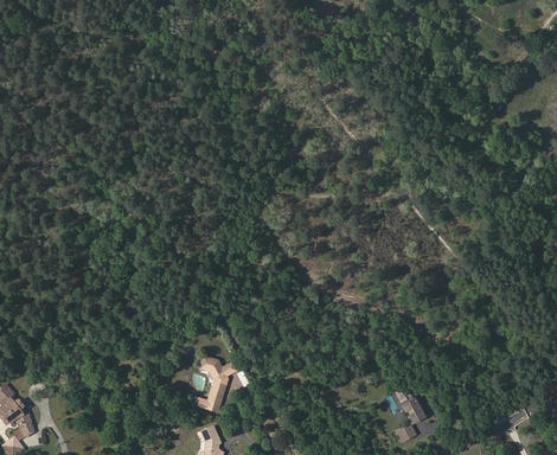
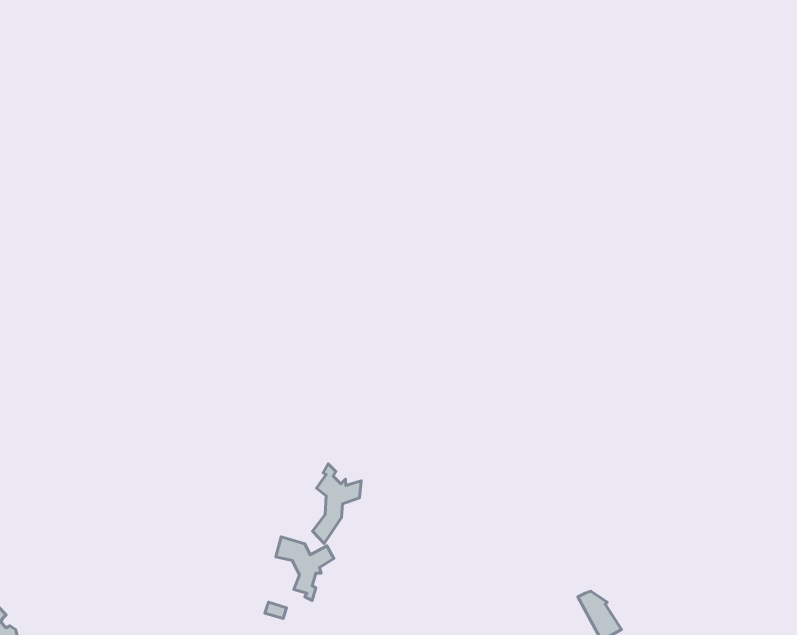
building: none -> [313,464,361,543]

